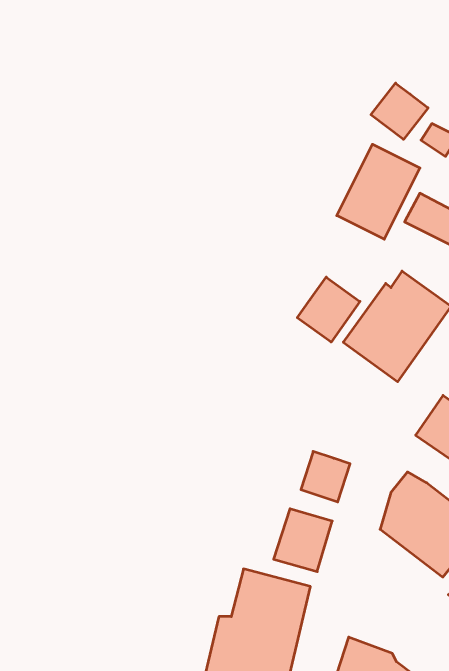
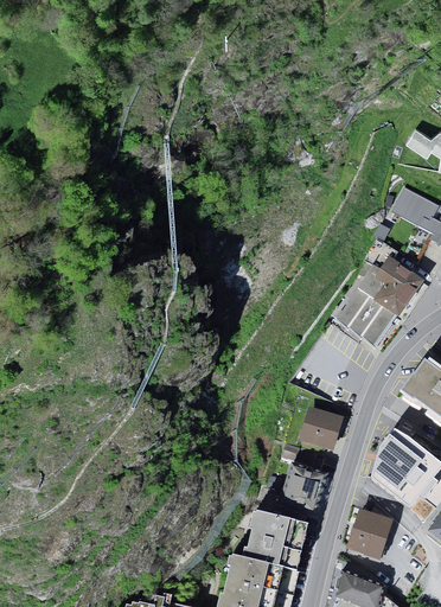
building: [371,83,428,139] -> none
building: [337,144,420,239] -> none
building: [297,277,360,342] -> none
building: none -> [346,510,392,561]

